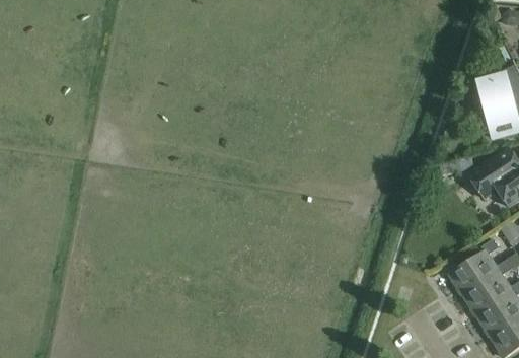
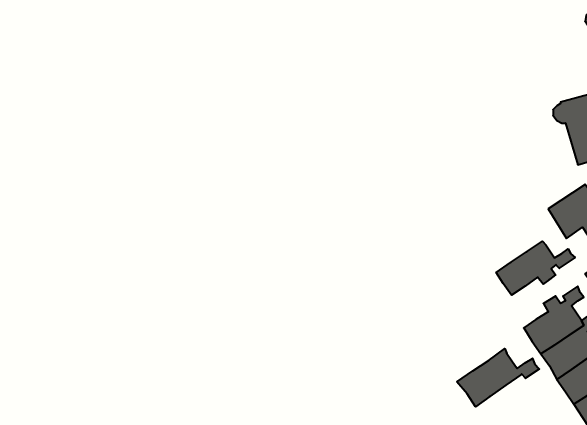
building: none -> [496,241,575,295]
building: none -> [457,349,539,407]

